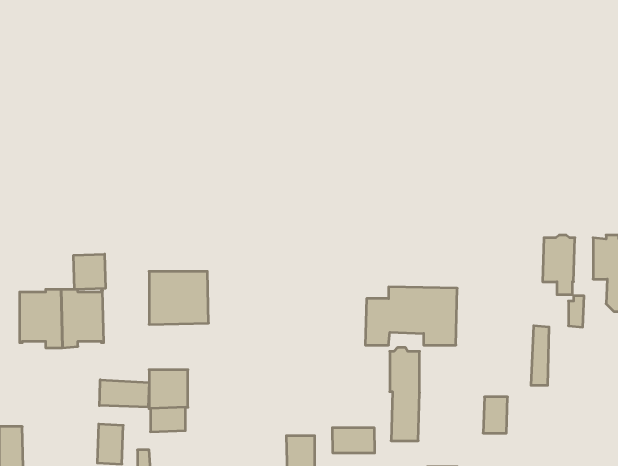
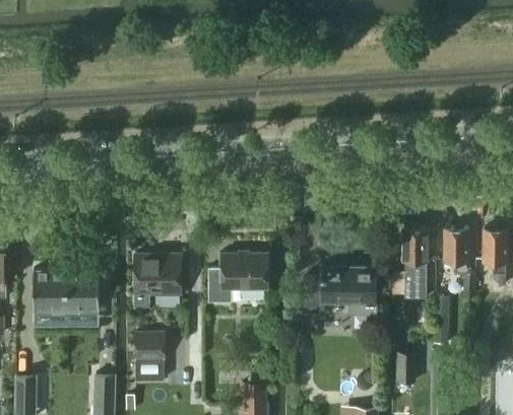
building: [74,254,105,289] -> none
building: none -> [208,255,267,303]
building: [390,348,420,441] -> [403,226,427,299]
building: [99,380,149,407] -> none
building: [332,428,375,453] -> none

